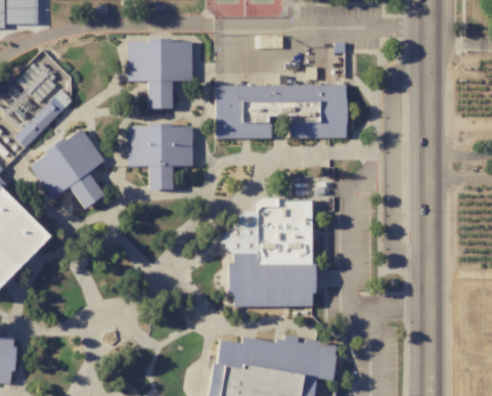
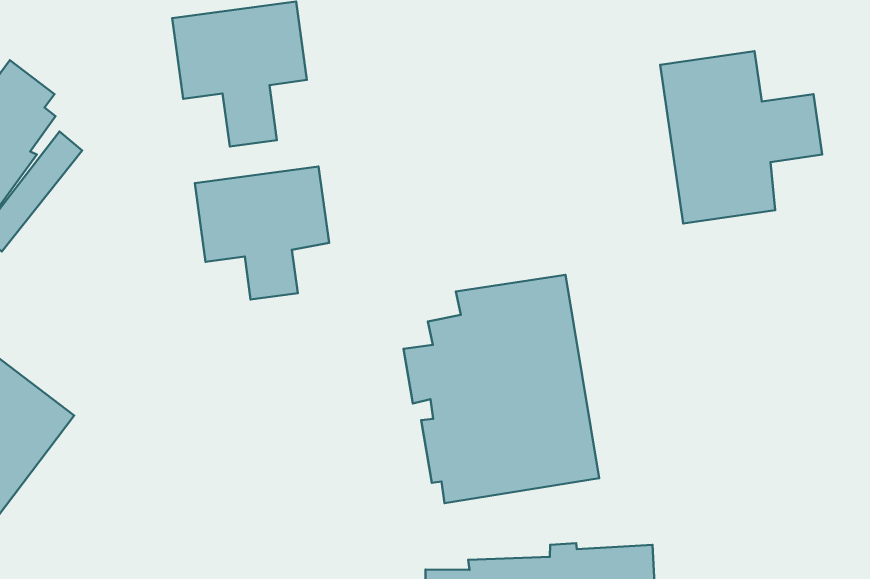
building: [216,85,348,138] -> none
building: none -> [660,51,822,223]
building: [30,128,105,209] -> none

